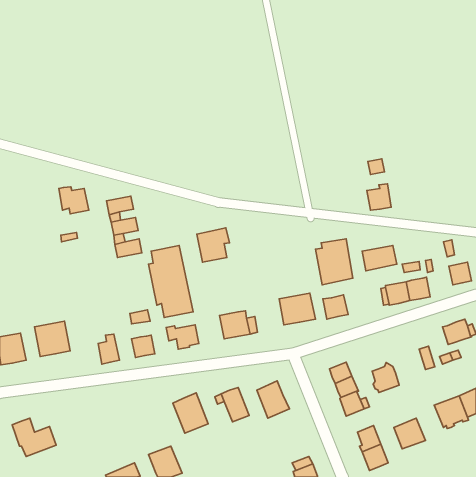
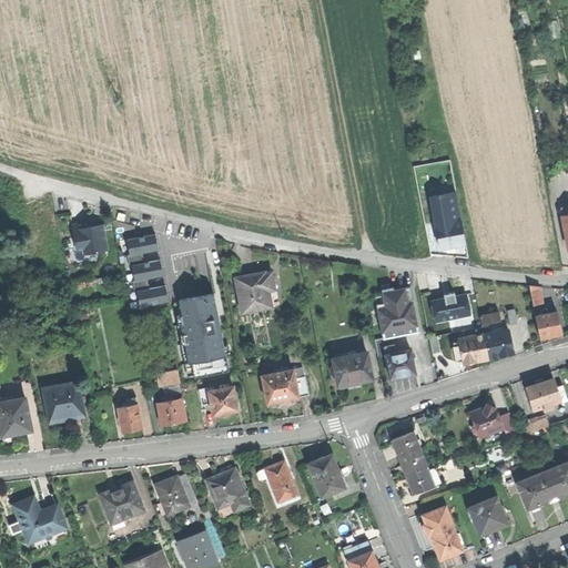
building: [372,363,399,392] -> [470,403,503,438]
building: none -> [154,471,193,506]
building: none -> [99,481,143,528]

